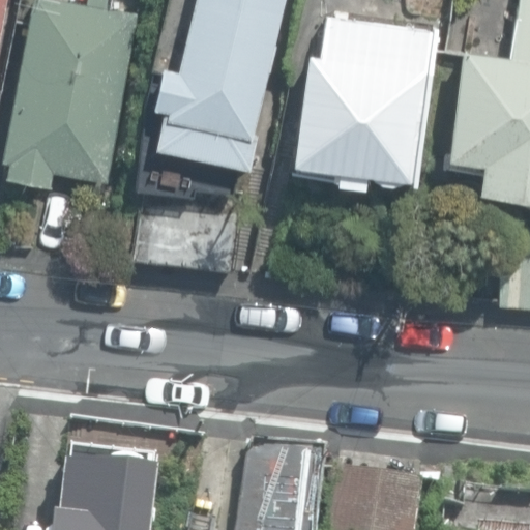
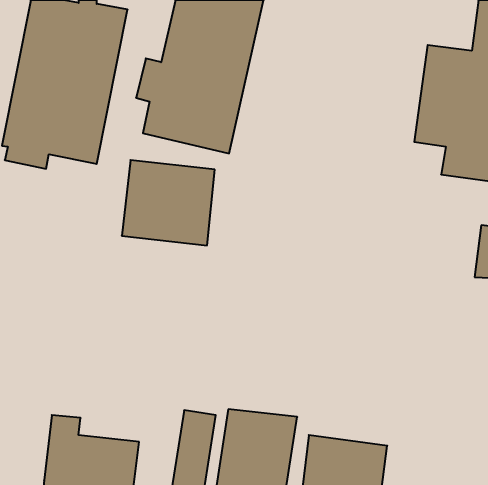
building: [293,17,437,189] -> none

